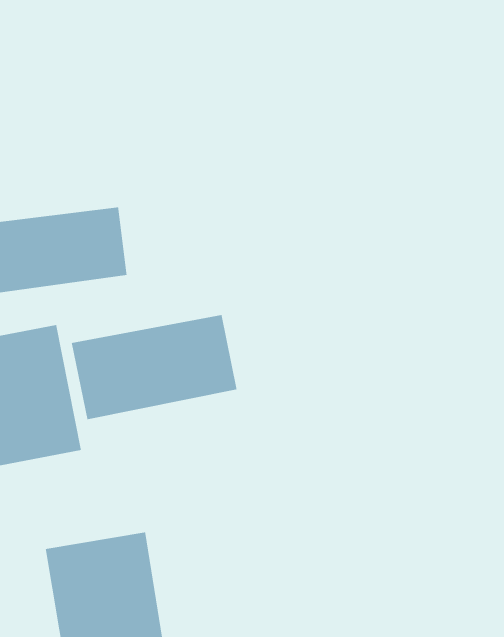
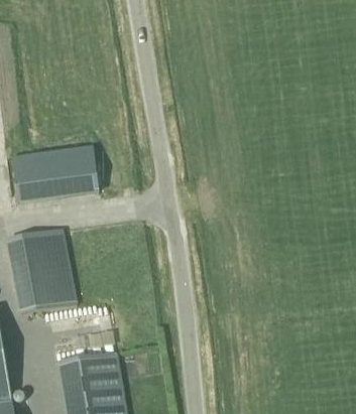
building: [71,314,237,420] -> none

